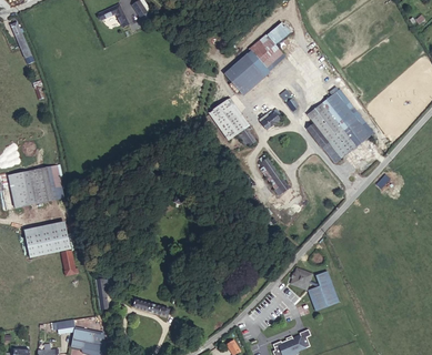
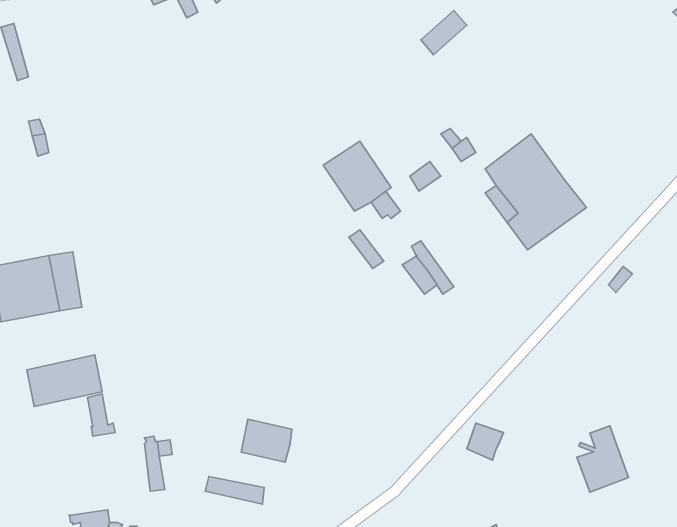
building: [245,36,281,72] -> none
building: [221,57,260,95] -> none
building: none -> [241,419,292,462]
building: [308,271,339,311] -> [577,426,628,492]

